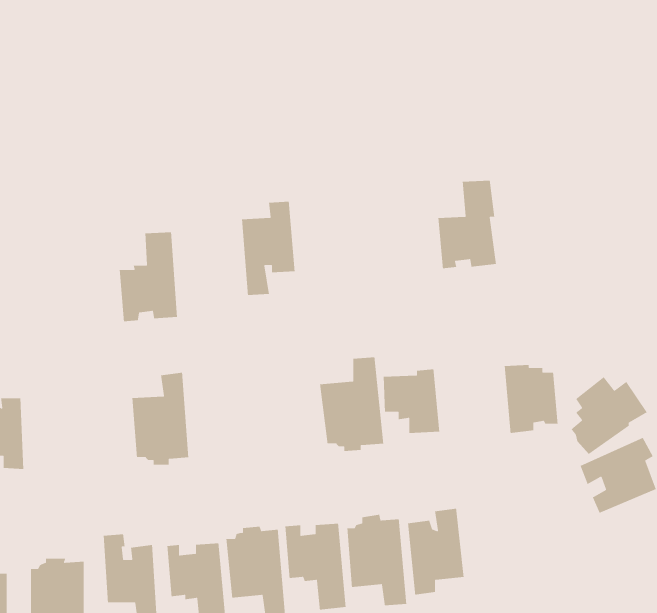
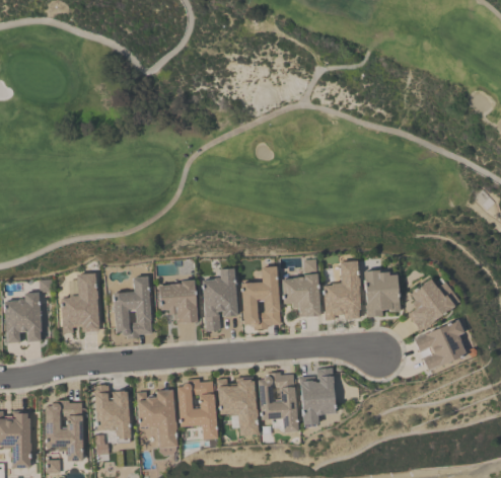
building: [438,180,497,269] -> [323,260,362,320]
building: [241,201,296,296] -> [202,267,238,331]
building: [119,231,178,322] -> [60,272,99,333]
building: none -> [159,280,198,323]

